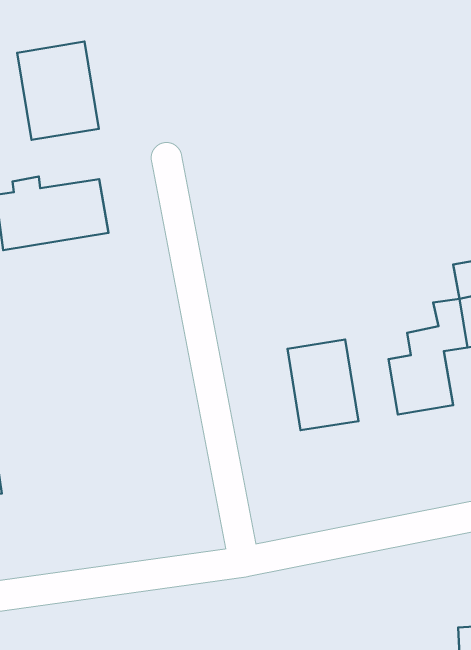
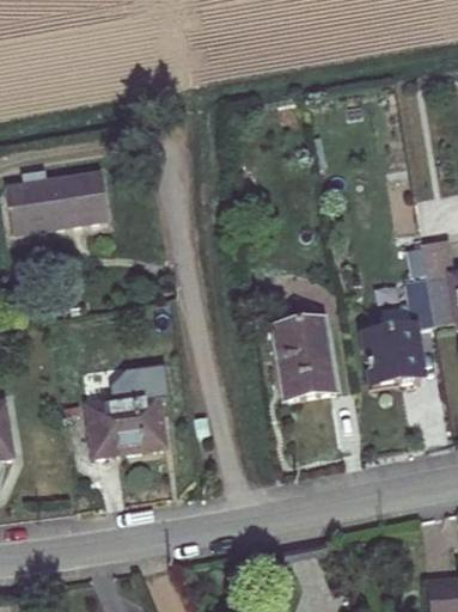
building: [17,42,99,140] -> none
building: none -> [88,369,164,454]

